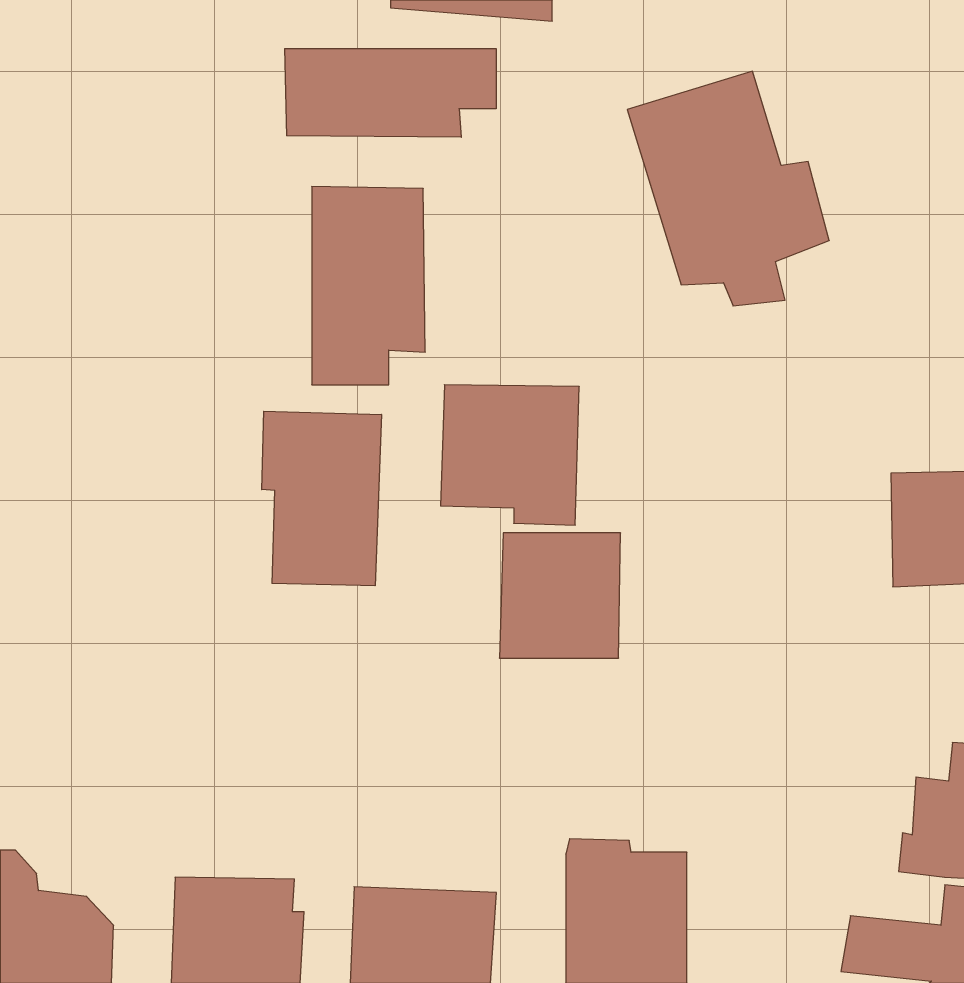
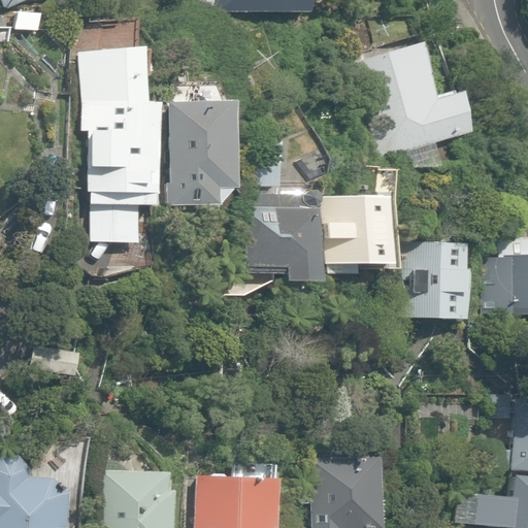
building: [285,49,496,137] -> none
building: none -> [87,46,160,243]
building: [262,411,381,586] -> none
building: none -> [405,241,474,317]
building: [499,533,621,658] -> [326,196,391,263]

